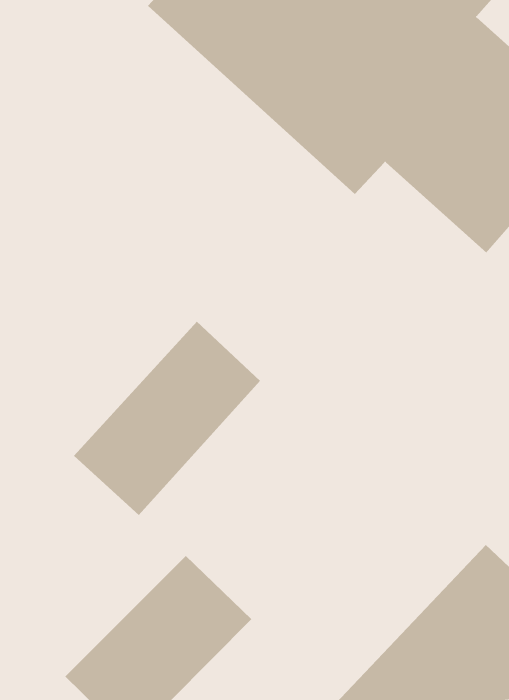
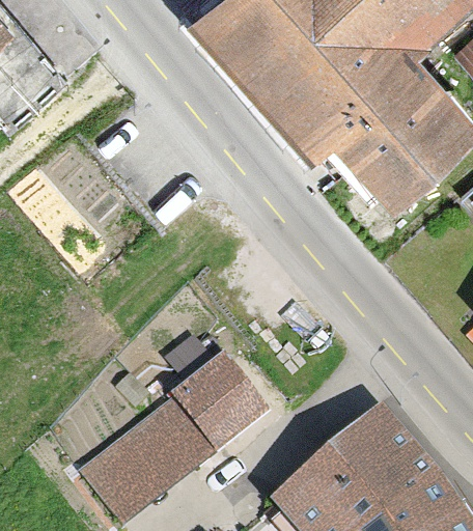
building: [73,321,261,516] -> none
building: none -> [187,369,277,457]

